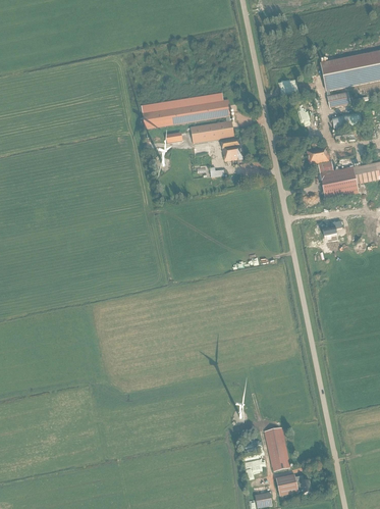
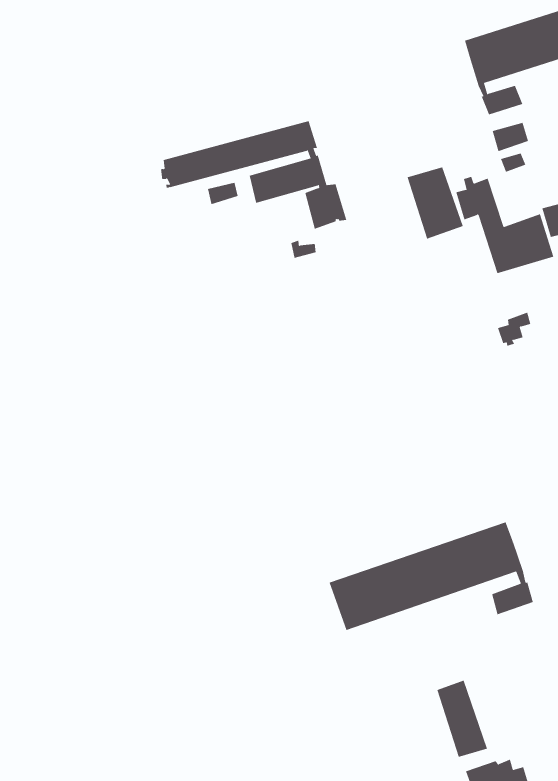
building: none -> [407,166,463,240]
building: none -> [329,521,533,631]

